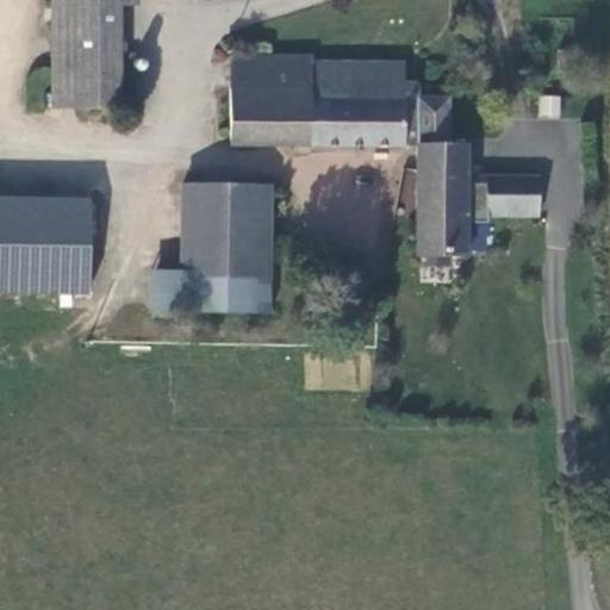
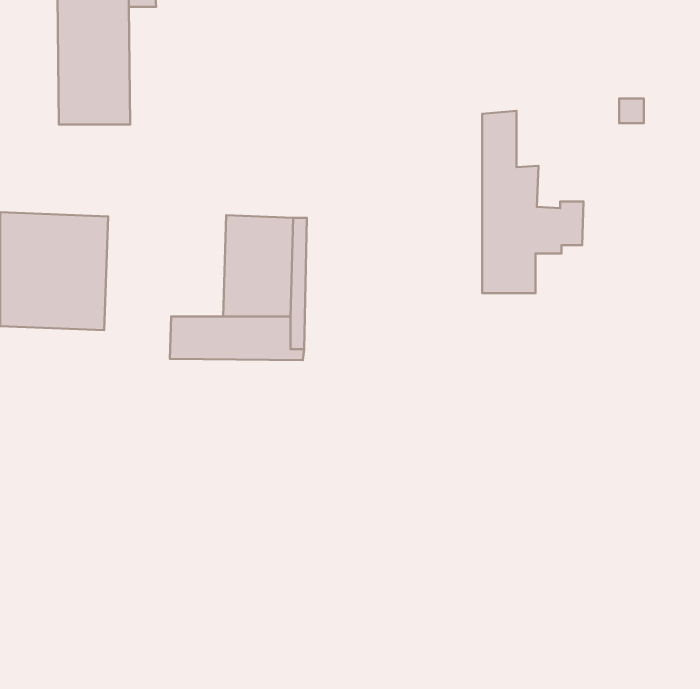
building: [231,56,402,147] -> none
building: [506,175,541,214] -> none

